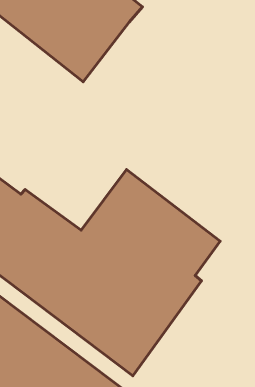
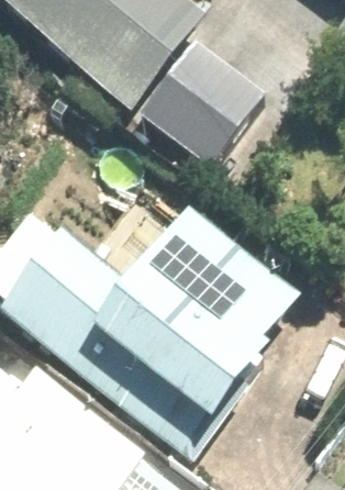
building: none -> [129,29,264,160]

